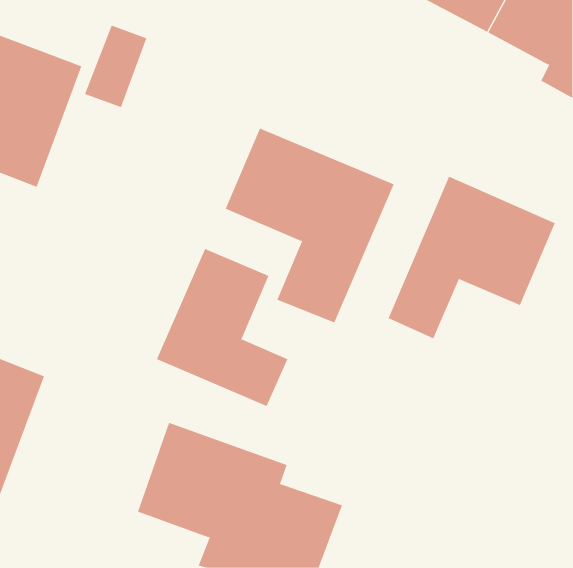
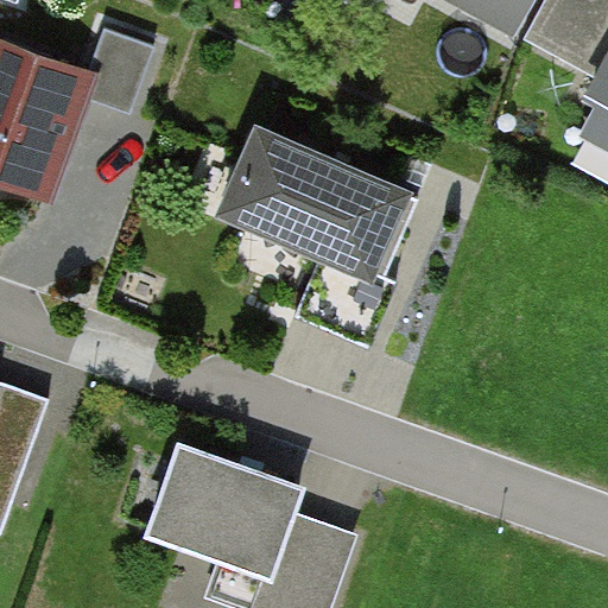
building: [388,176,555,339] -> none
building: [156,248,288,407] -> none

